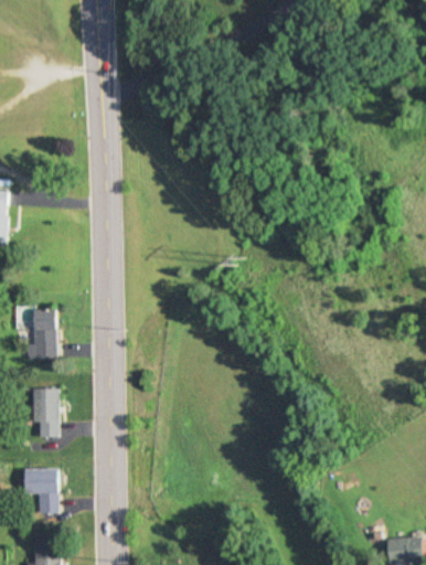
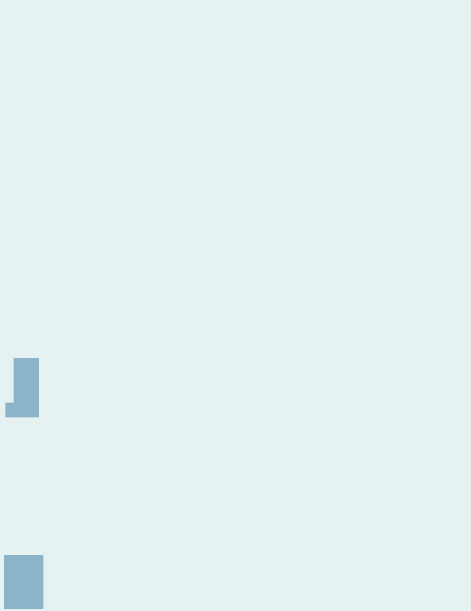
building: [31,388,58,437] -> none

